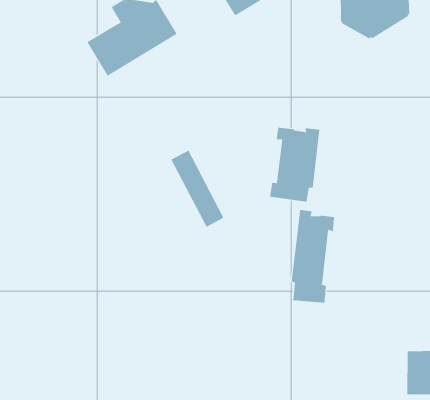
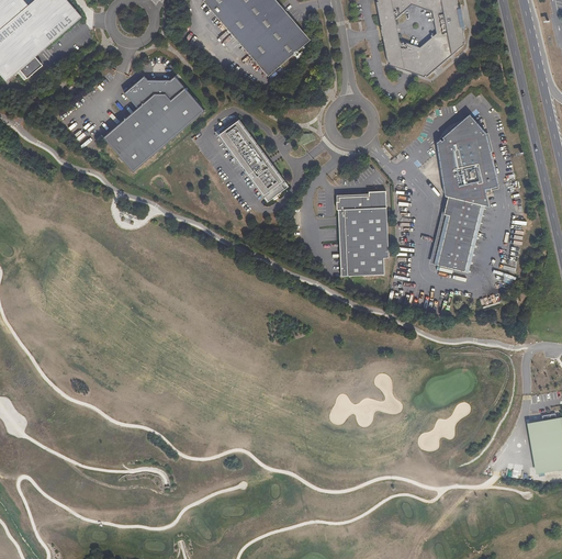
building: none -> [432,112,497,271]
building: [171,150,224,228] -> [216,118,288,202]
building: [291,209,335,304] -> none

